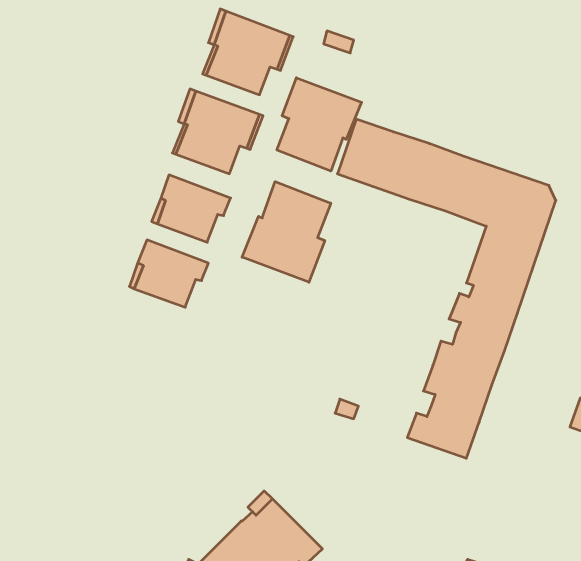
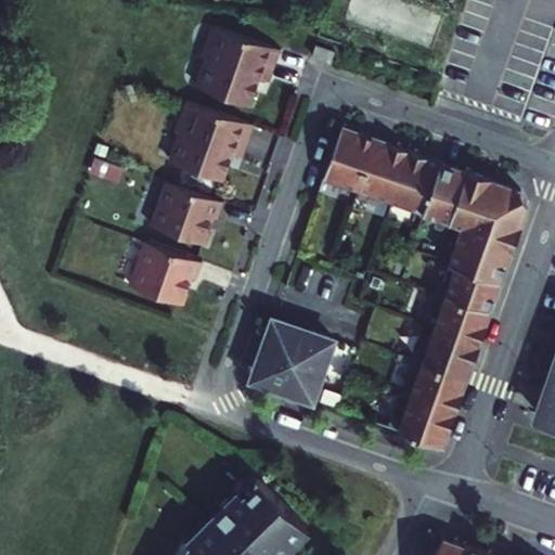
building: [277,78,362,171] -> none
building: [242,182,331,282] -> none
building: none -> [257,323,333,402]

